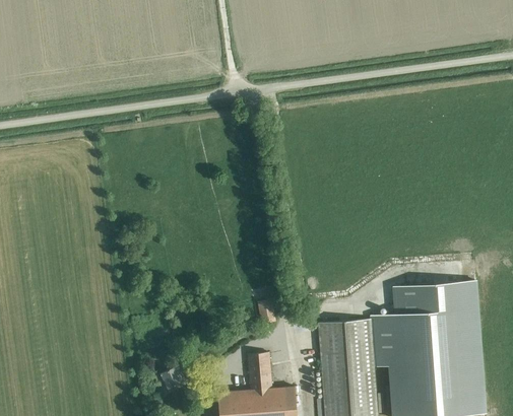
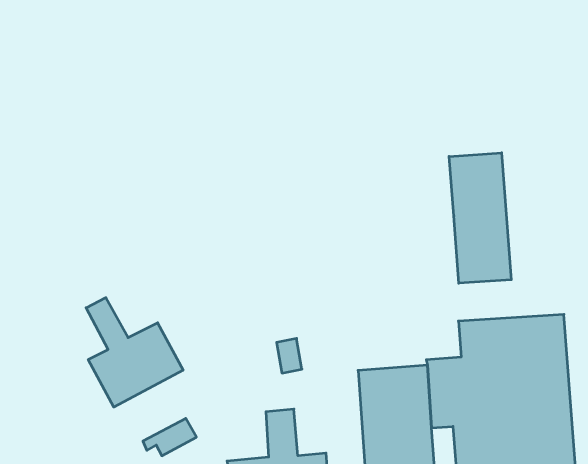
building: none -> [449,153,511,283]
building: none -> [86,298,183,407]

